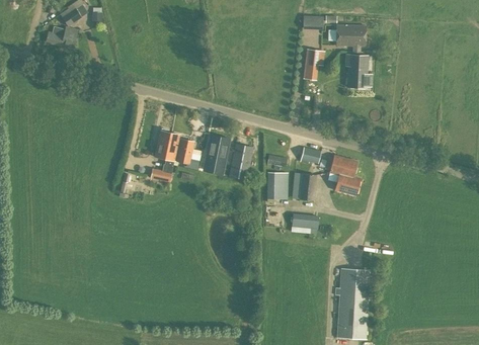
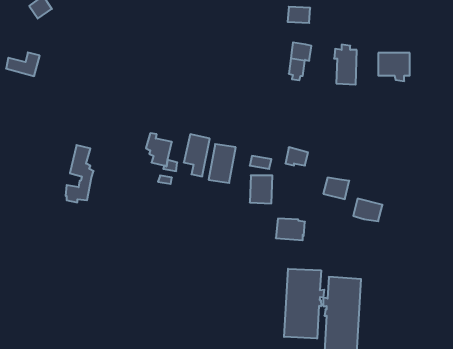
building: [336,24,366,51] -> [378,53,410,81]
building: [46,25,77,48] -> [6,52,40,76]
building: [150,130,176,183] -> [66,145,94,202]
building: [329,155,356,176] -> [353,199,383,221]
building: [291,172,316,200] -> none
building: none -> [284,269,324,339]

